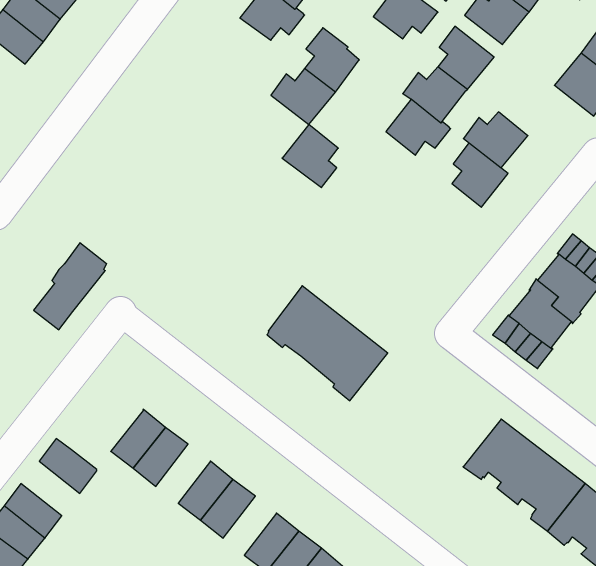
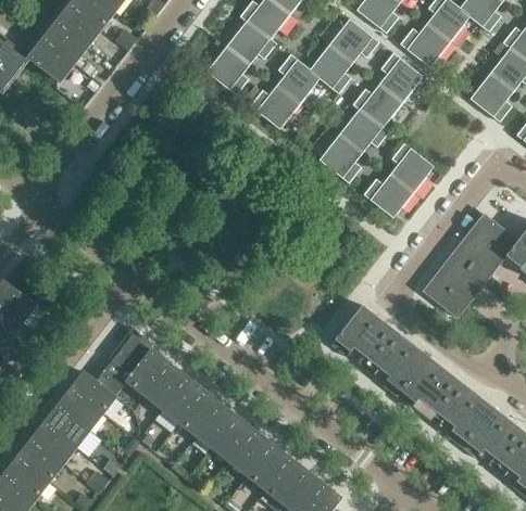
building: none -> [309,44,352,93]
building: none -> [206,46,250,94]
building: [463,112,528,168] -> [363,174,413,217]
building: [282,124,338,188] -> [318,133,362,182]
building: [34,243,107,330] -> [96,328,152,395]
building: [267,286,388,401] -> [335,304,428,393]
building: none -> [161,375,203,421]
building: none -> [57,388,102,431]
building: none -> [213,416,254,461]

